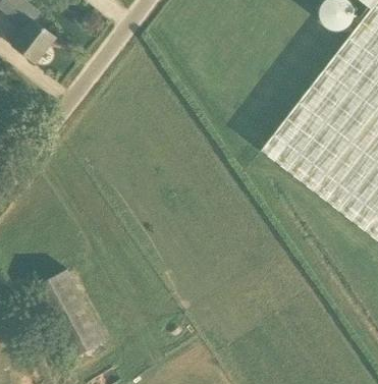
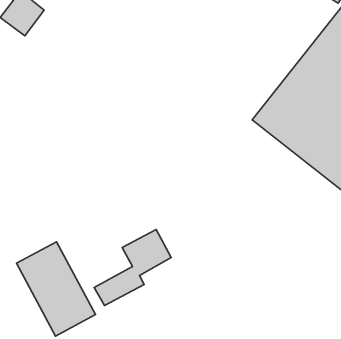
building: none -> [94,230,171,305]

